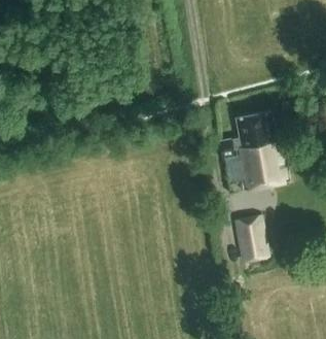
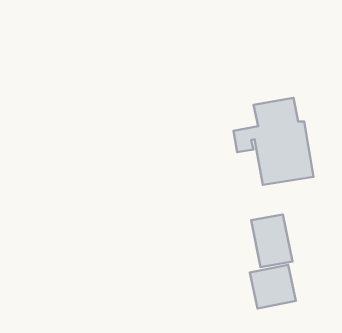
building: none -> [250,265,296,308]

